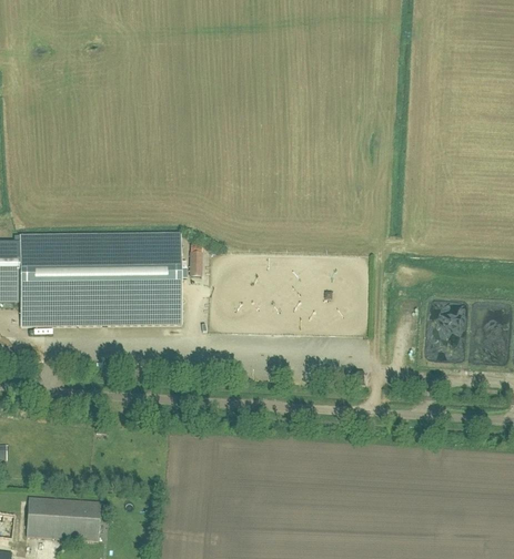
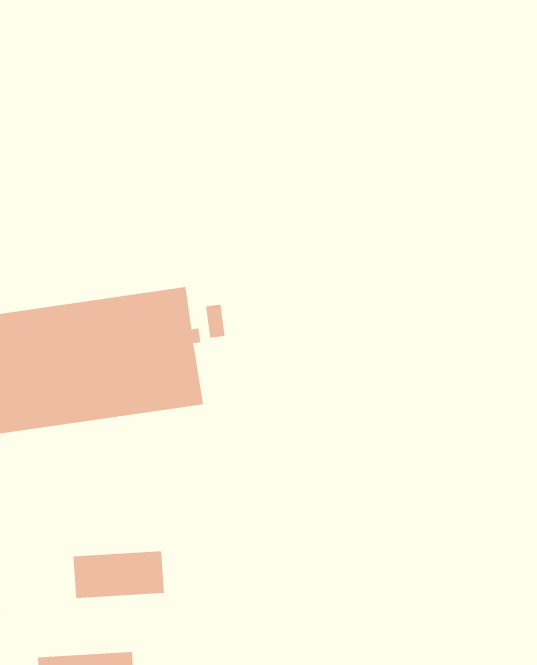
building: none -> [73,550,165,599]

